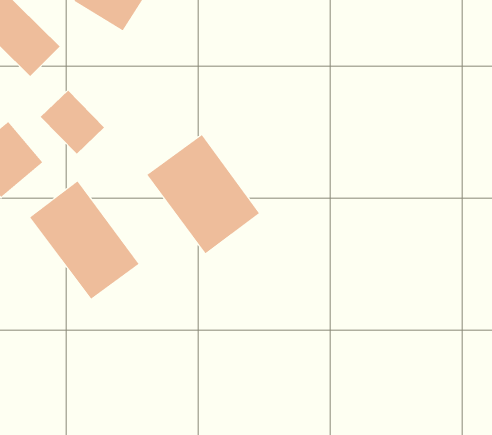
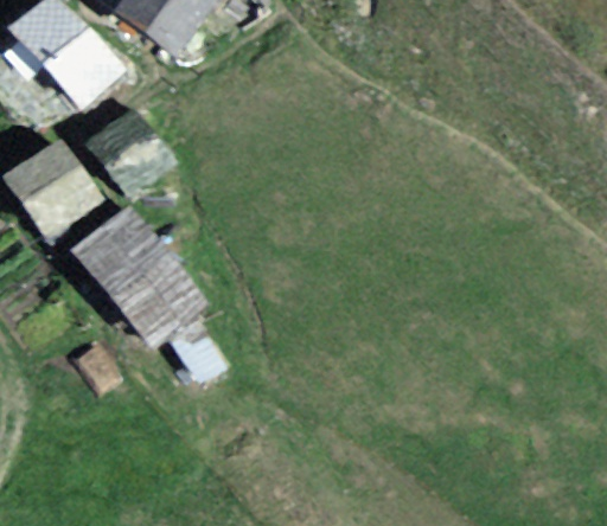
building: [146,134,260,254] -> none

